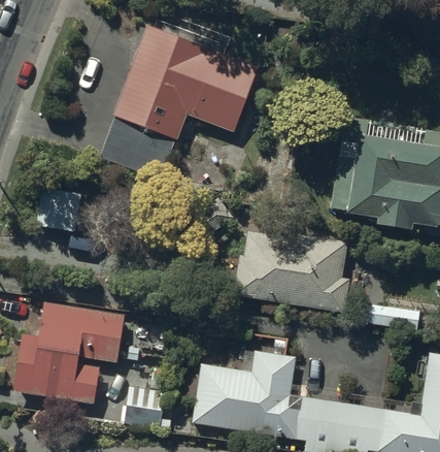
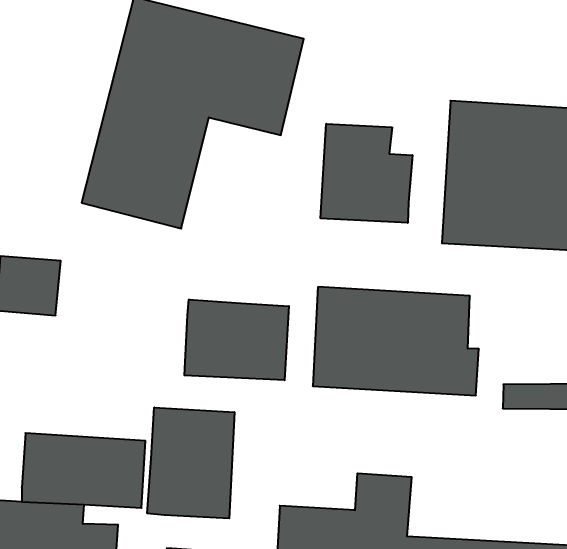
building: none -> [321,124,412,223]
building: none -> [184,299,289,380]
building: none -> [147,407,234,518]

